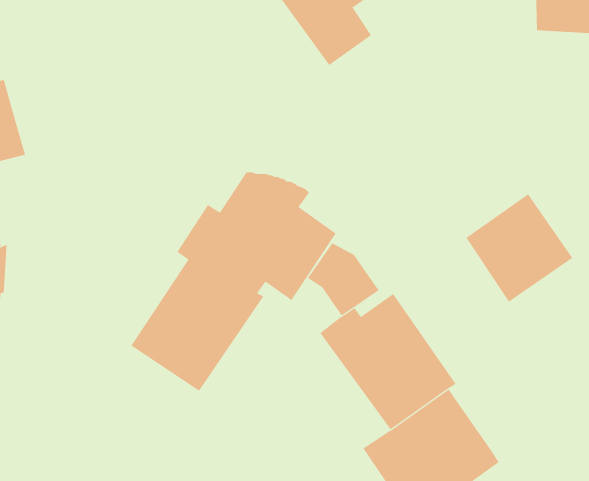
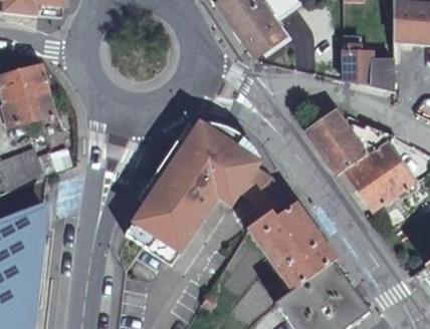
building: none -> [341,48,393,92]
building: none -> [305,108,395,174]

